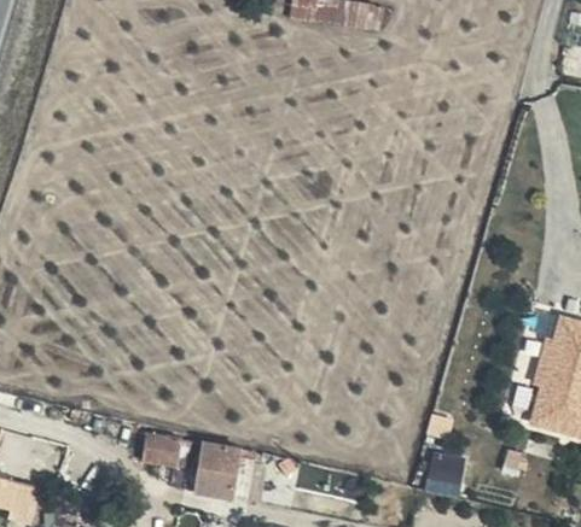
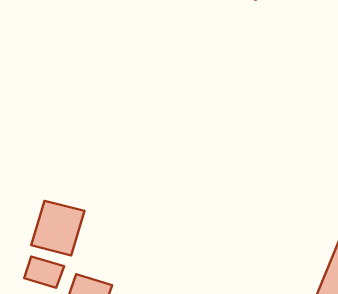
building: none -> [31,201,84,255]

